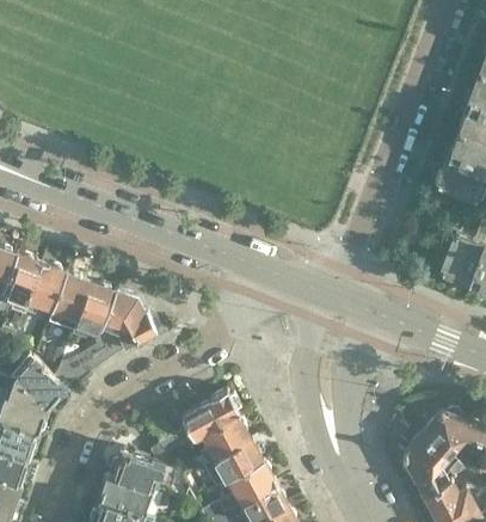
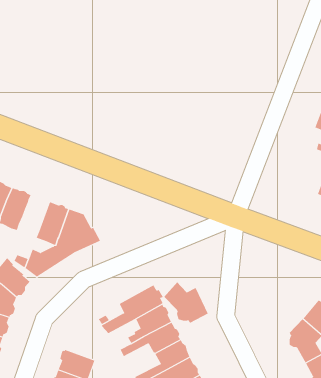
building: [49,275,91,331] -> none
building: none -> [163,282,209,323]
building: [111,447,170,491] -> none

